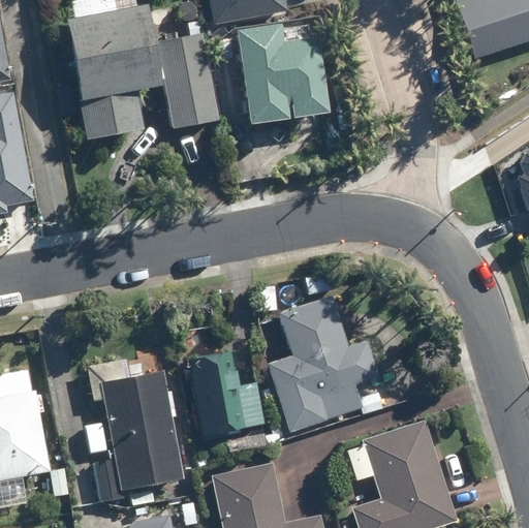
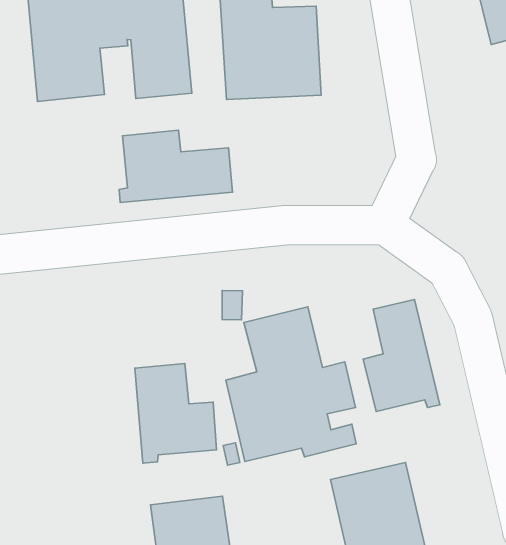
building: none -> [119,130,232,203]
building: none -> [363,299,440,411]
building: [93,369,183,502] -> none

